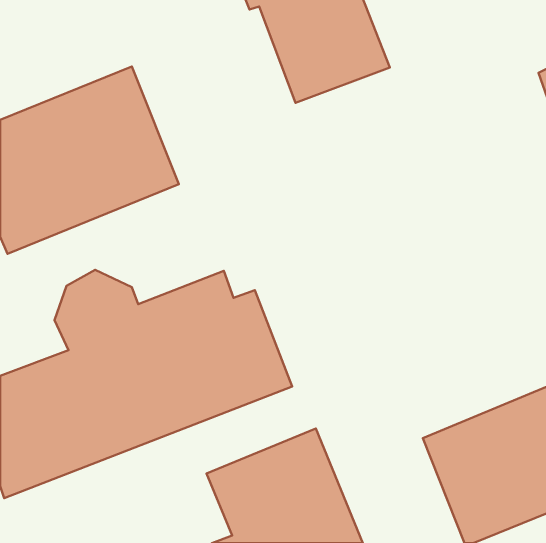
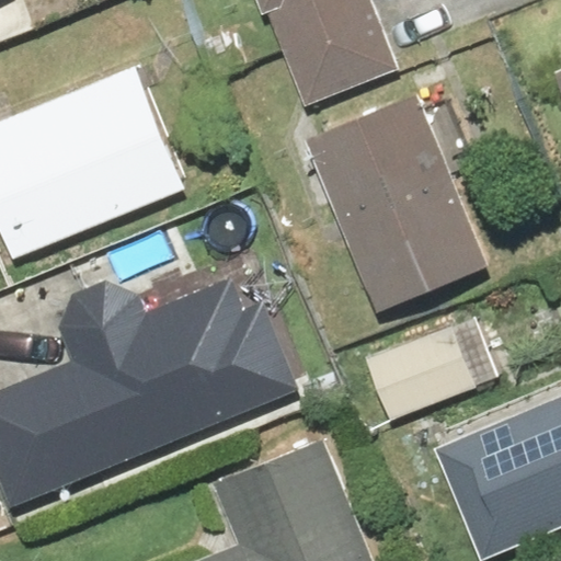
building: none -> [300,92,485,313]
building: none -> [366,316,497,416]

